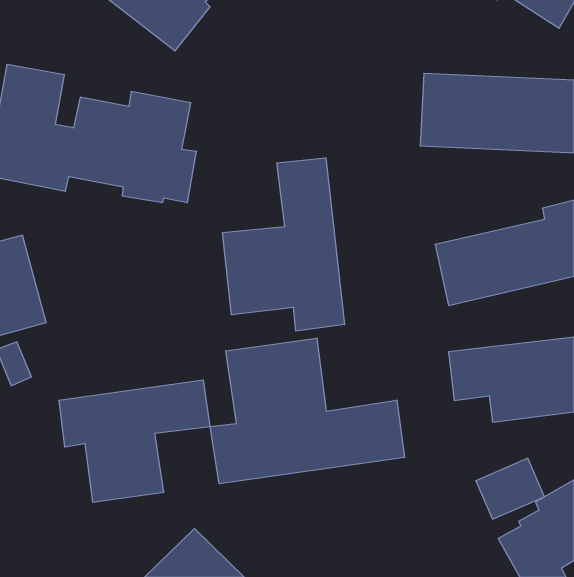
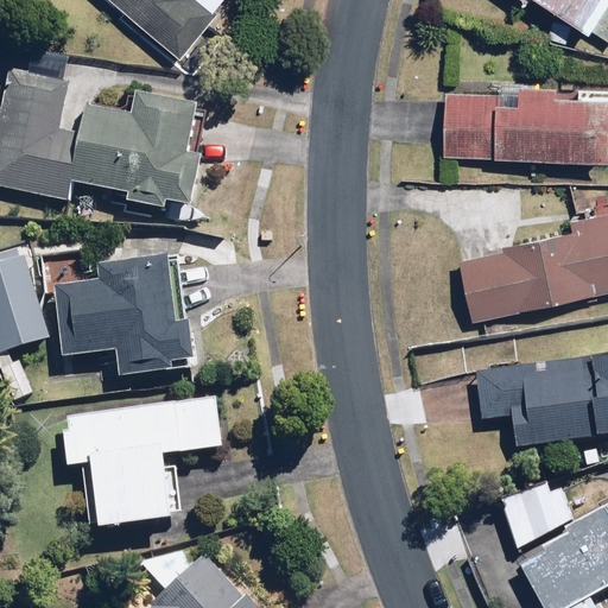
building: [223,158,344,331] -> none
building: none -> [55,255,196,375]
building: [210,338,405,484] -> none

